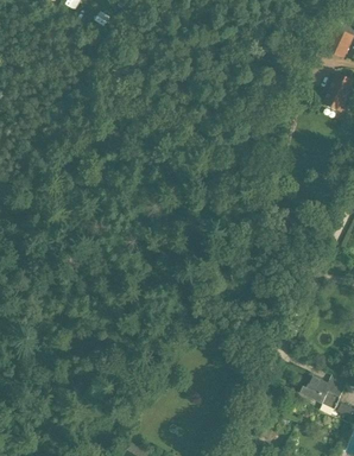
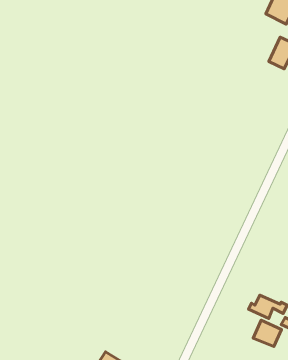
building: none -> [253,320,281,346]

